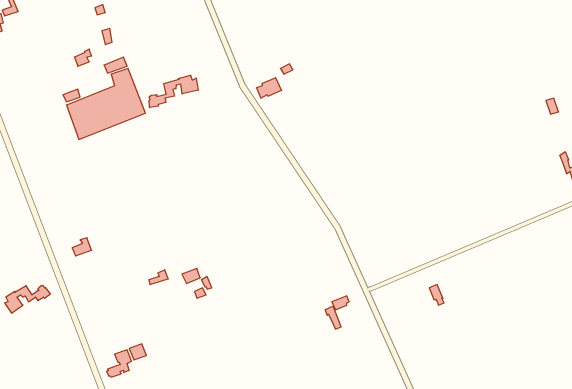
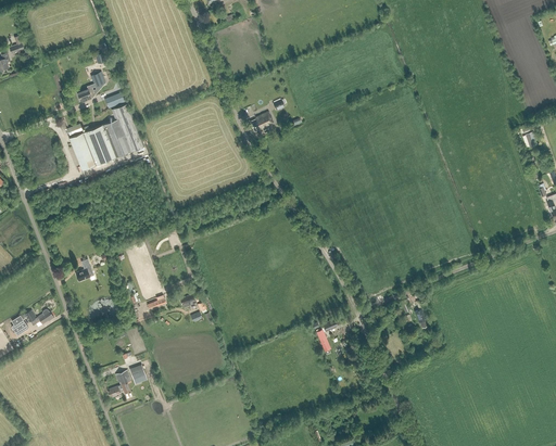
building: [149,75,198,108] -> none

